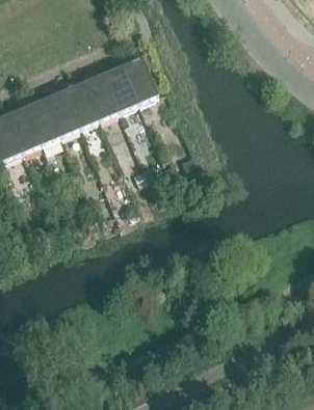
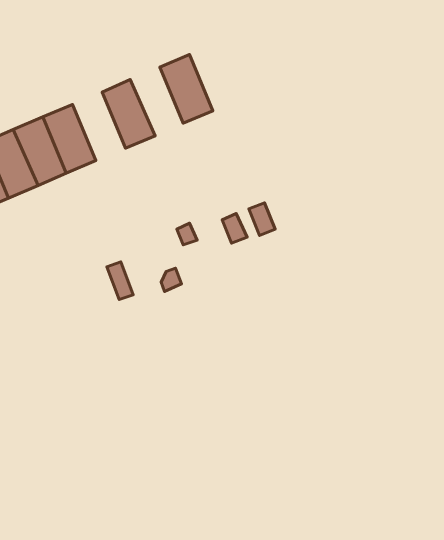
building: [102,65,137,111] -> none
building: [63,82,99,128] -> none

